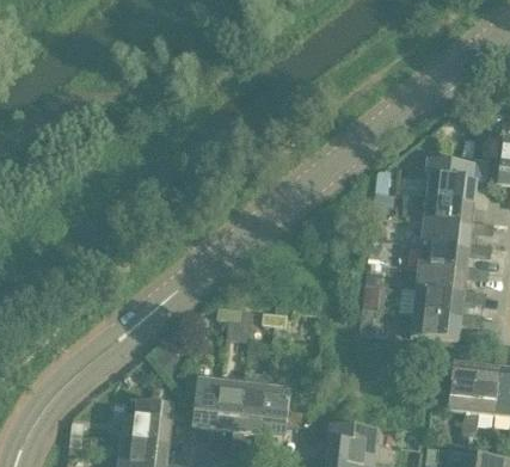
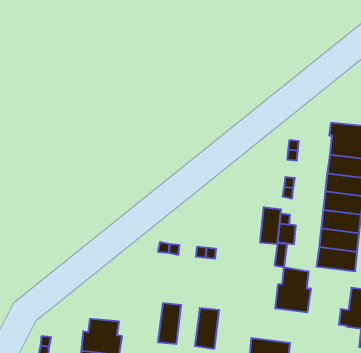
building: none -> [260,207,281,244]
building: none -> [276,267,311,312]
building: [239,369,269,431] -> none
building: [185,375,222,426] -> none

